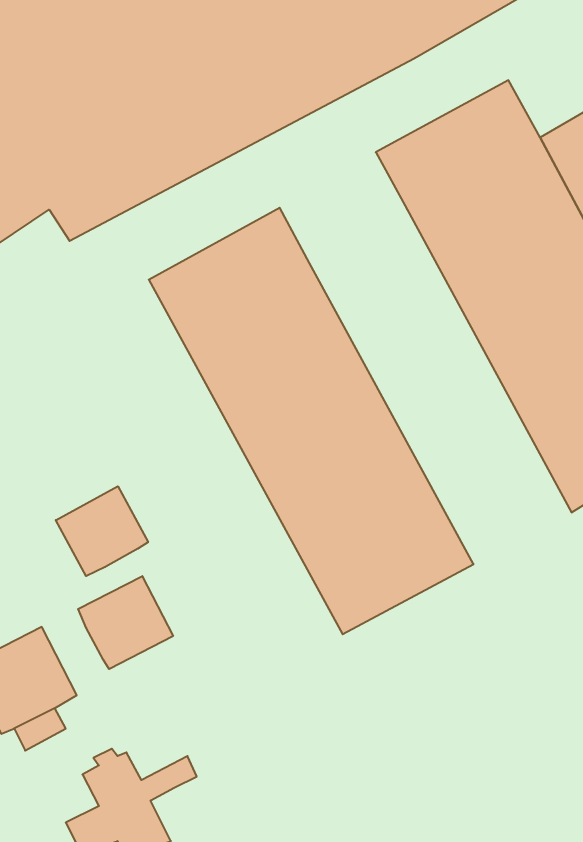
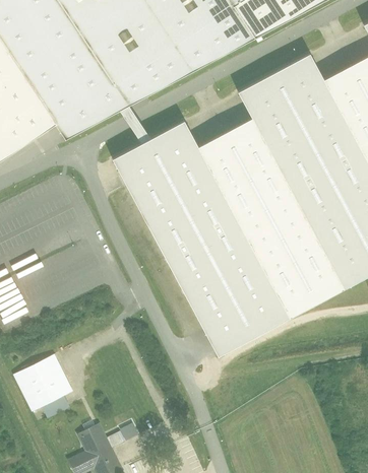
building: none -> [201,122,346,317]
building: [56,486,148,576] -> none
building: [78,576,173,669] -> none

